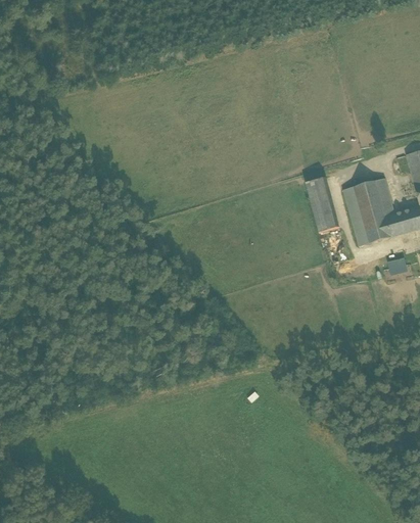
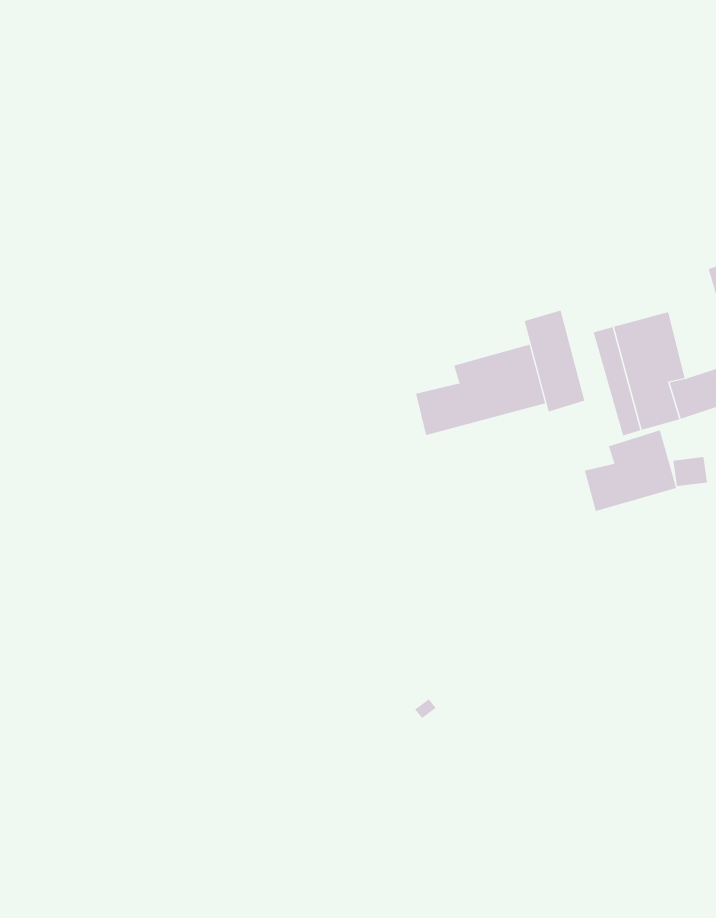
building: none -> [415,344,546,436]
building: none -> [584,430,677,512]

